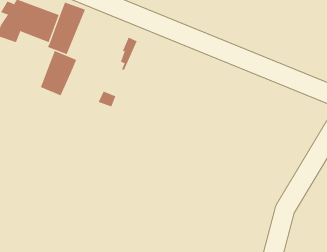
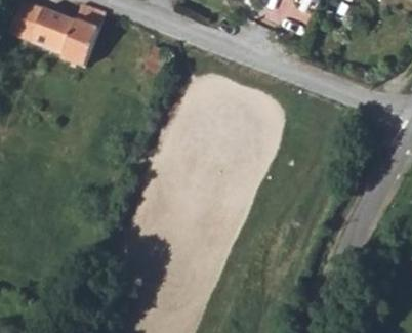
building: [40,50,77,96] -> none

